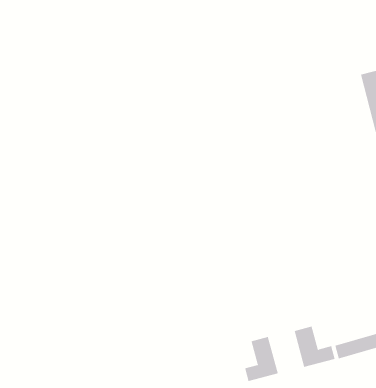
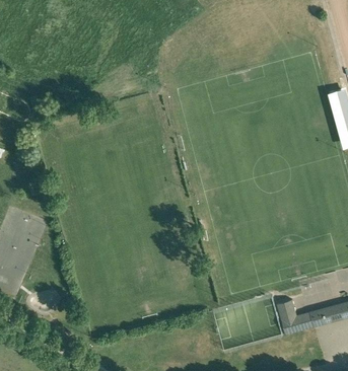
building: [245,336,278,382] -> none

